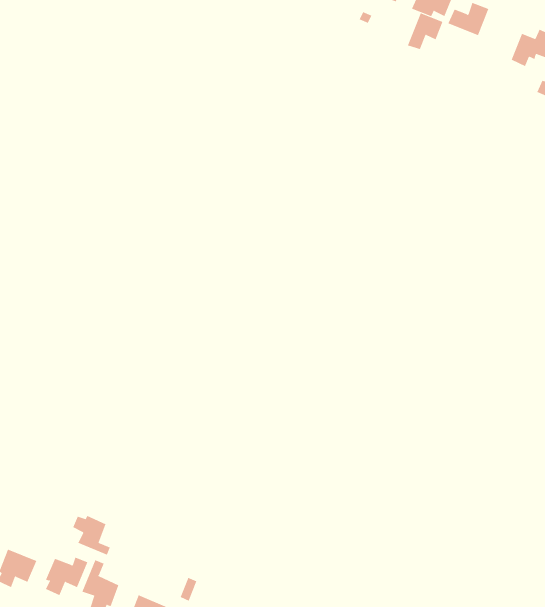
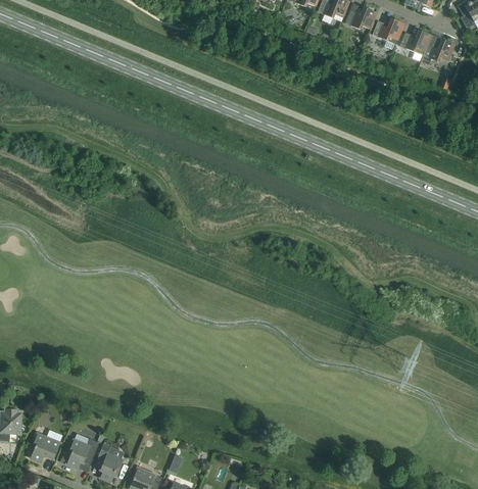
building: [407,13,443,50] -> none
building: none -> [400,29,432,51]
building: [72,515,111,555] -> none

